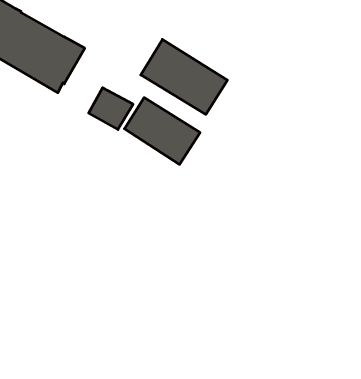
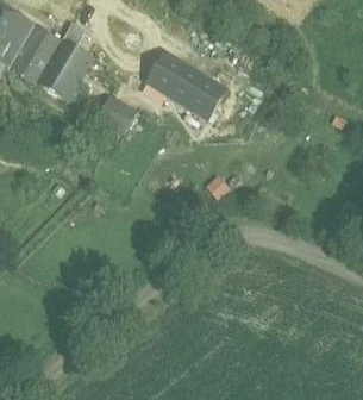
building: [124,98,200,164] -> none

